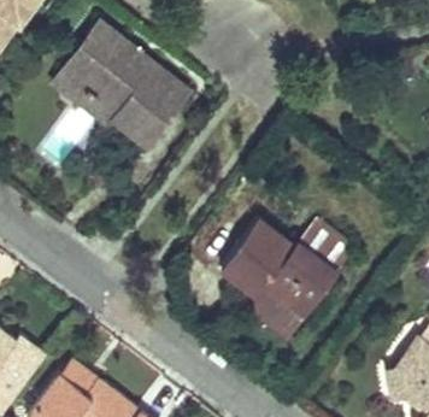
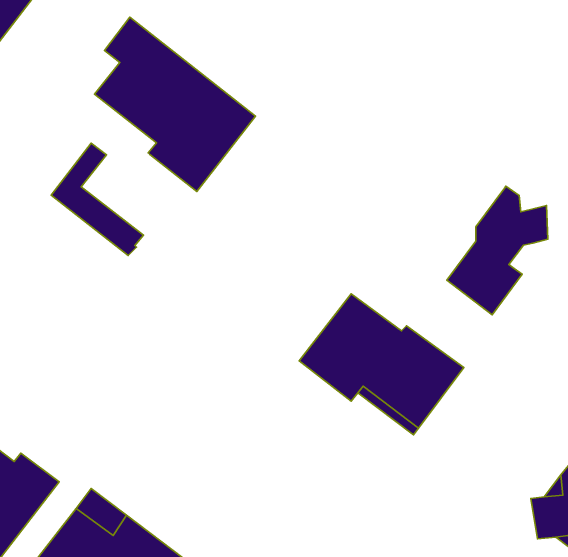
building: [52,46,118,127] -> [51,143,143,255]
building: none -> [447,186,548,315]

